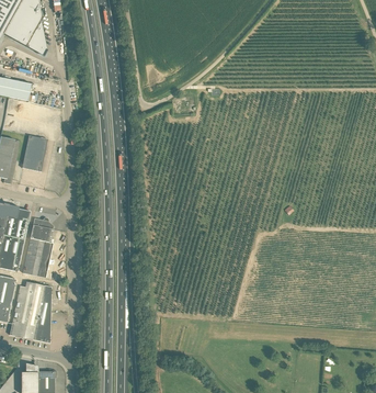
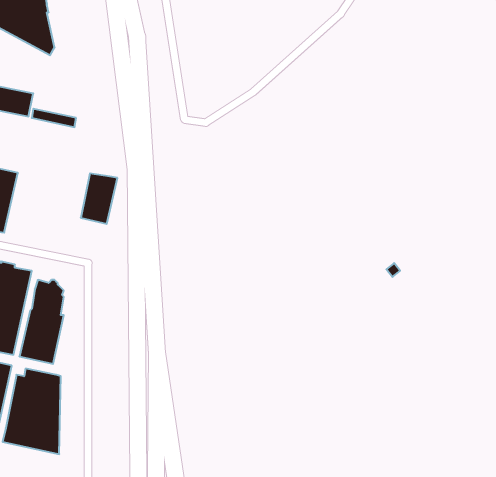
building: [22,135,48,171] -> [81,173,117,224]

